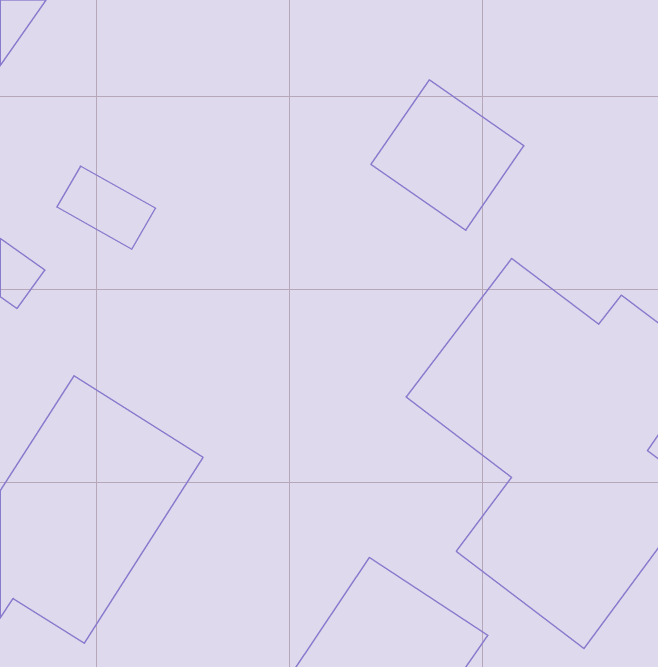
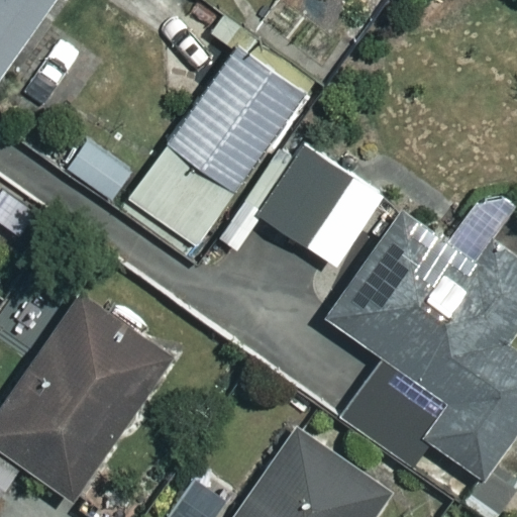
building: none -> [140,63,294,246]
building: [371,80,524,230] -> [263,147,380,263]

